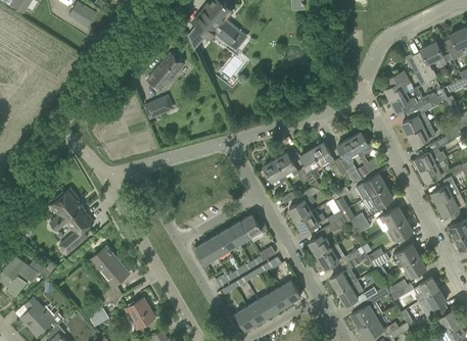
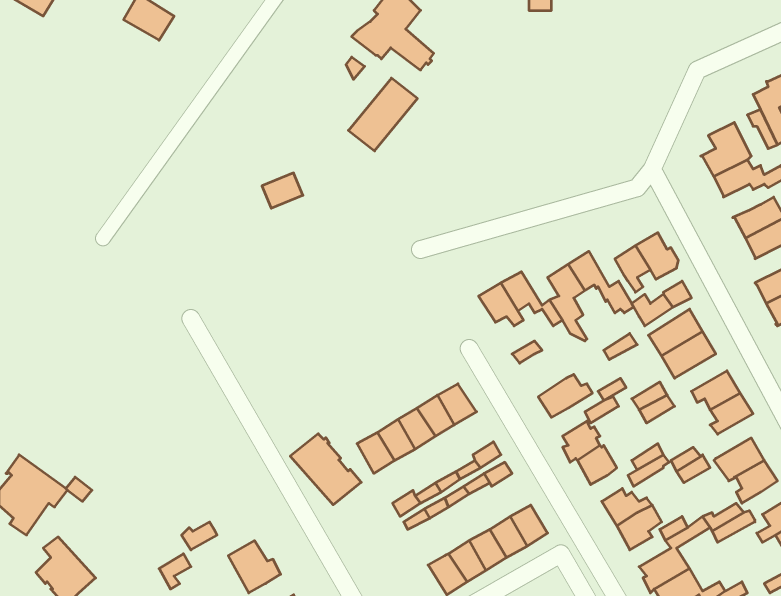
building: [146,52,184,92] -> [348,78,417,151]
building: [288,187,321,222] -> none
building: [50,189,94,256] -> none
building: [90,247,129,286] -> [290,434,361,505]

